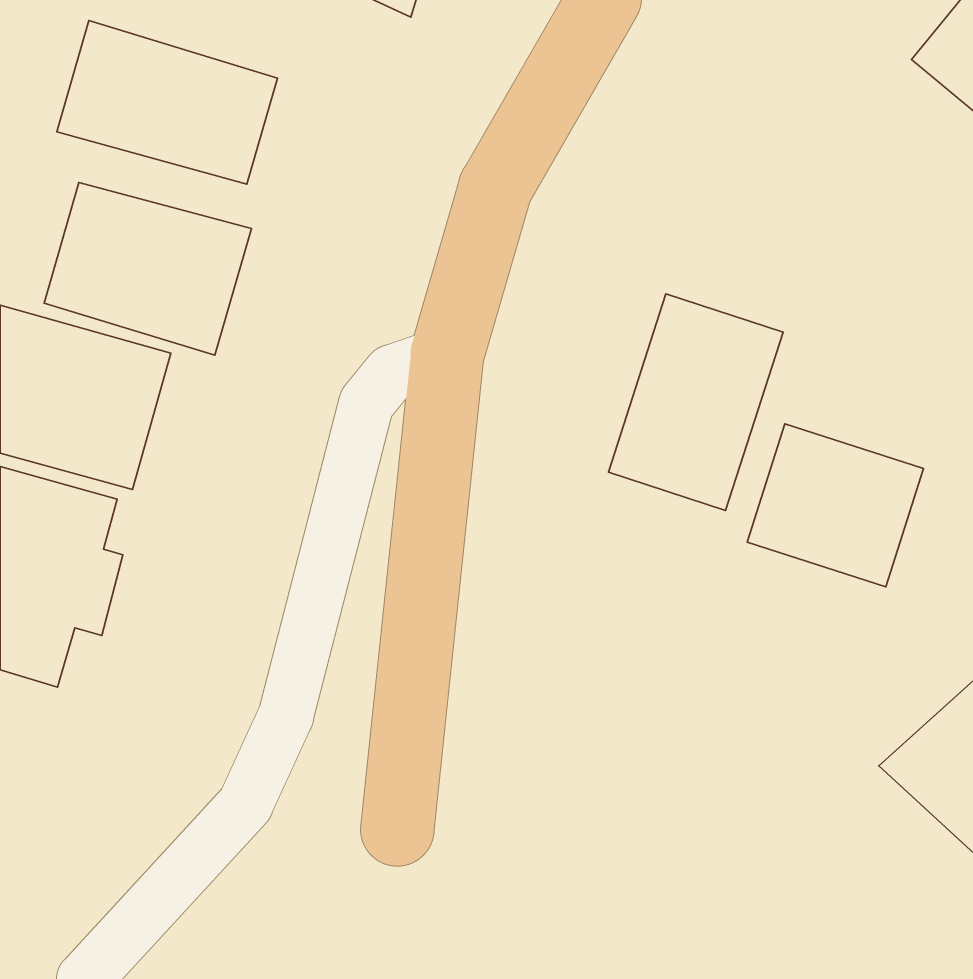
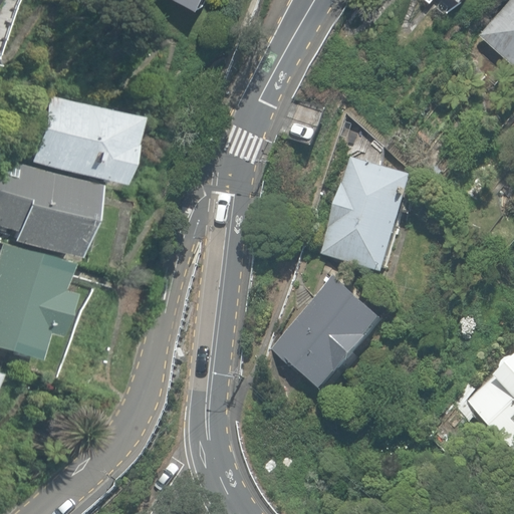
building: [57,21,278,184] -> none
building: [747,424,923,587] -> none
building: none -> [270,269,389,393]

